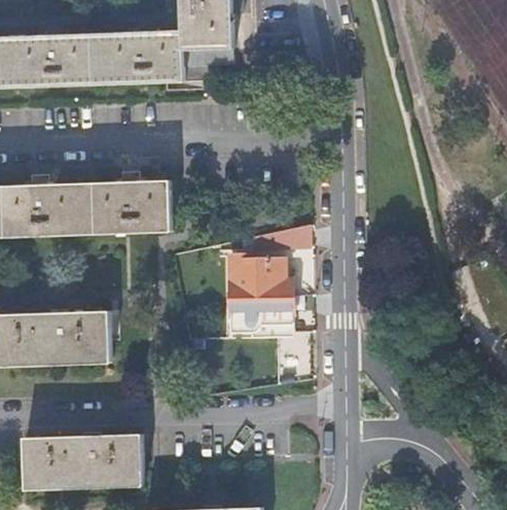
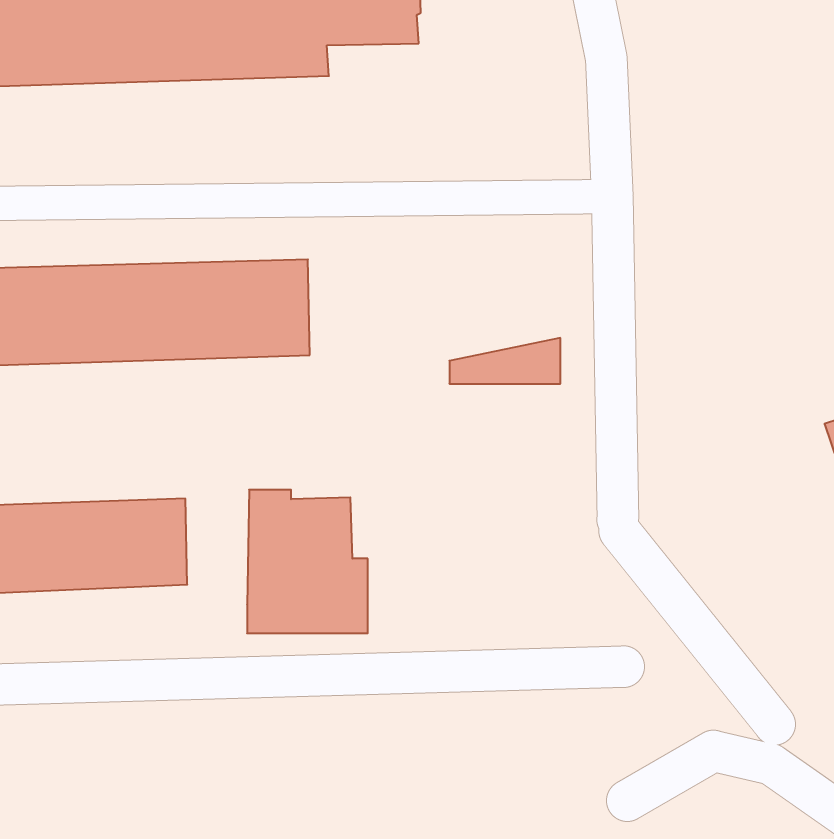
building: [226,254,291,332] -> [247,490,368,633]
building: [22,434,142,485] -> none

